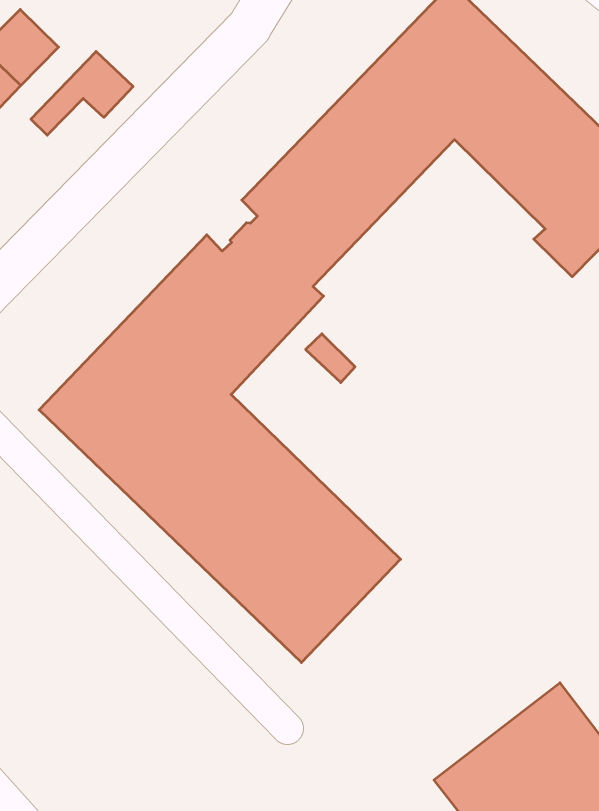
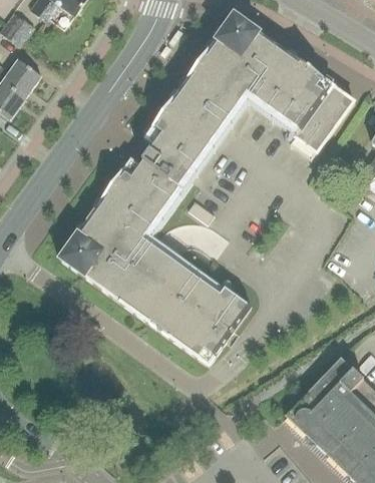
building: [31,51,133,135] -> none

